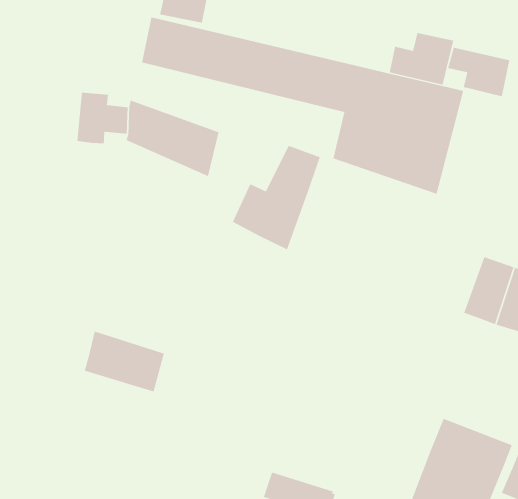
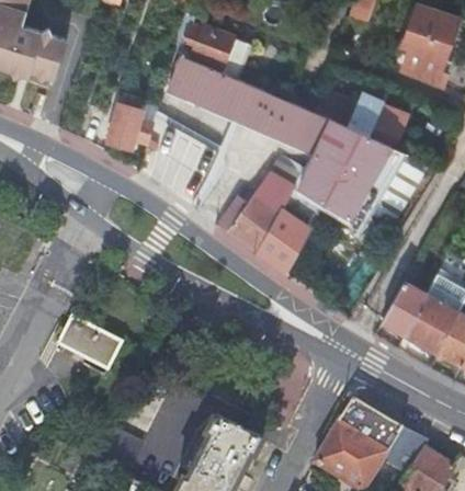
building: [447,47,510,97] -> none
building: none -> [256,209,307,272]
building: [84,331,165,393] -> [56,318,120,373]

